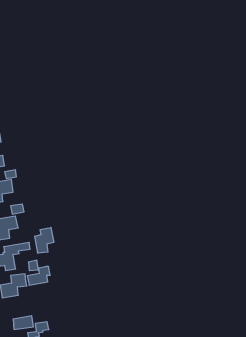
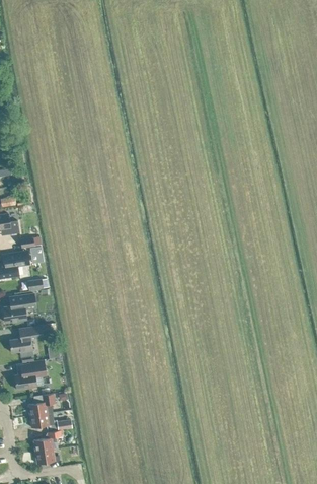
building: [35,227,54,253] -> none
building: [27,267,50,285] -> [27,394,55,416]

